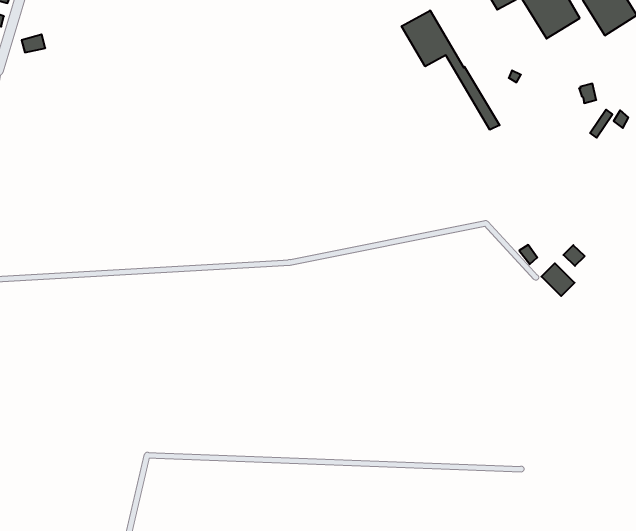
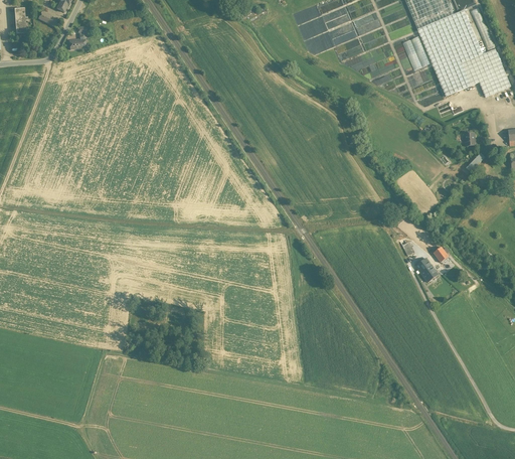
building: [402,10,500,130] -> none

